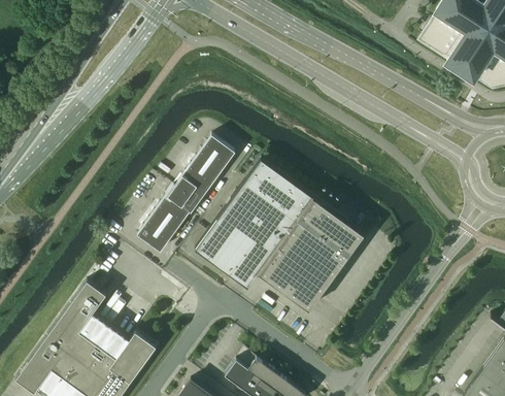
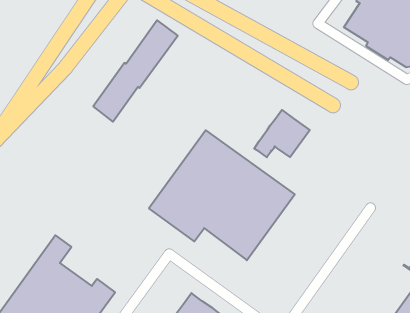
building: [137,135,235,253] -> [93,20,178,122]
building: none -> [254,110,310,157]

